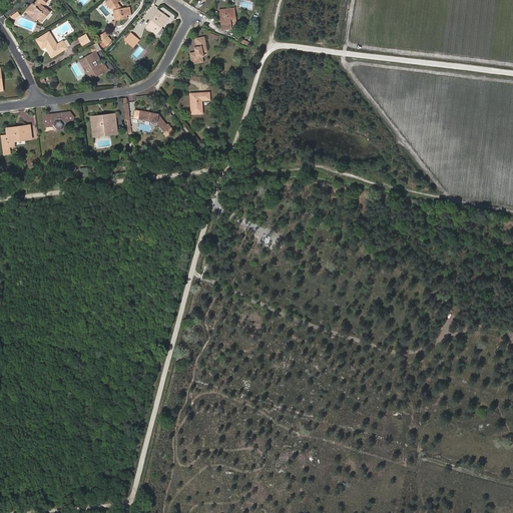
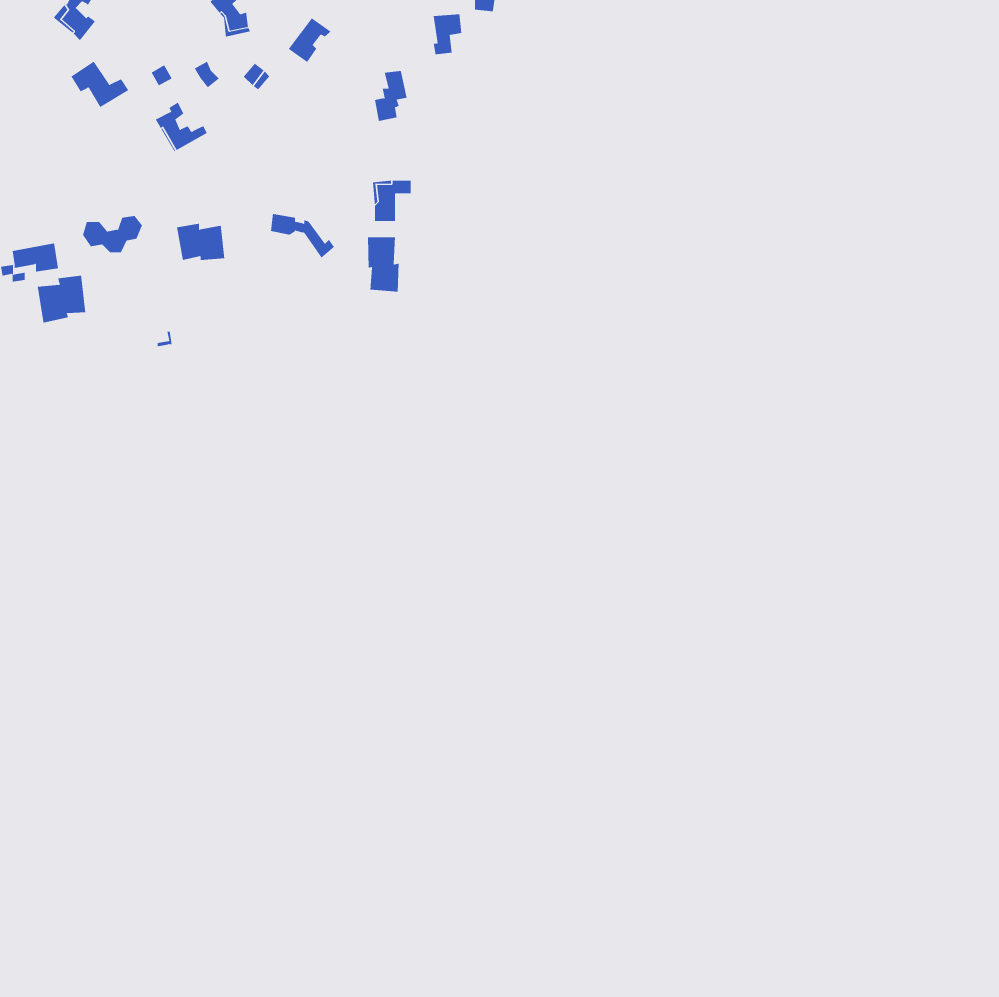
building: none -> [367,237,399,293]
building: none -> [37,275,86,323]

